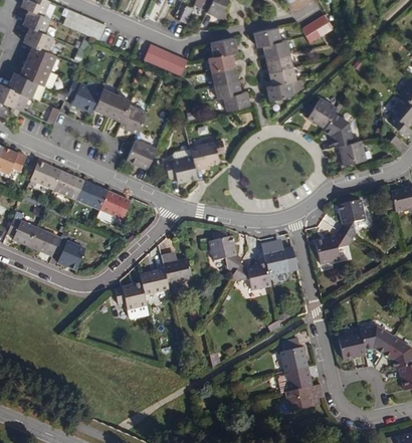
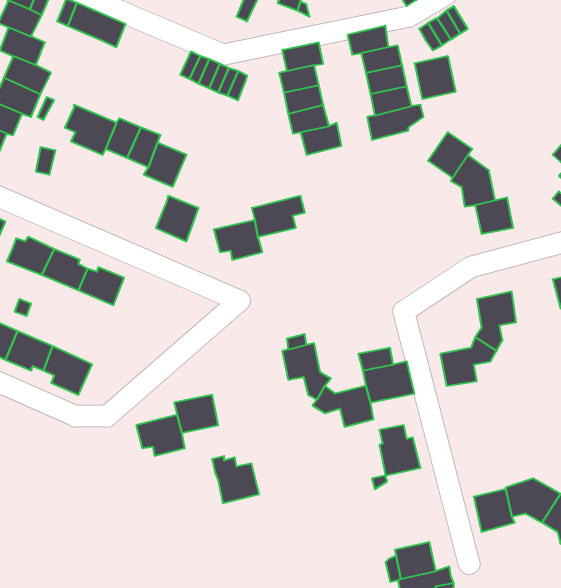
building: none -> [415,56,455,99]
building: [98,193,128,221] -> none
building: [160,254,191,285] -> [212,456,259,503]
building: [280,340,307,373] -> [379,425,421,475]

